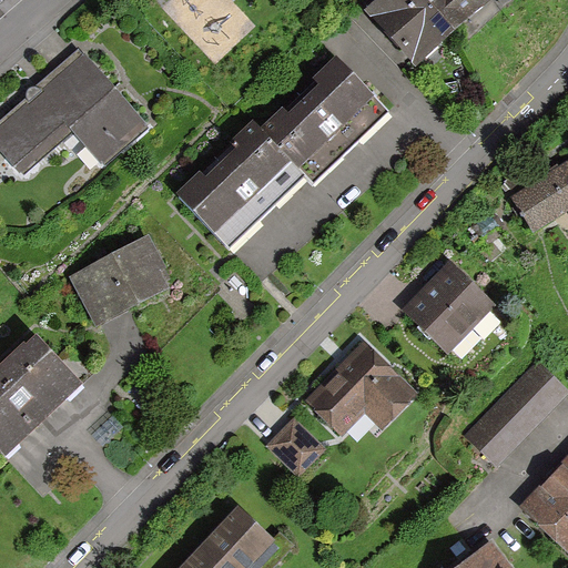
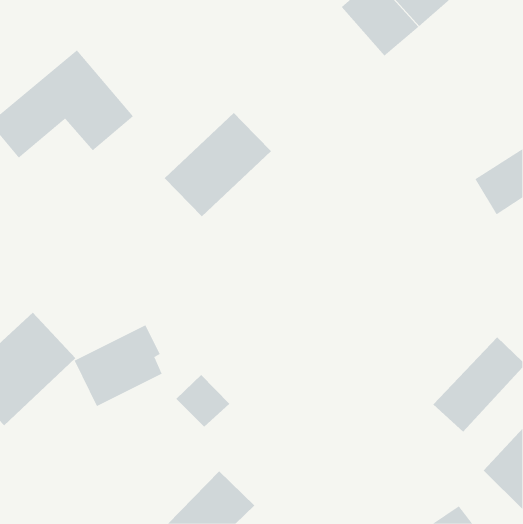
building: [262,57,377,171] -> none
building: [70,235,165,324] -> [74,324,162,407]
building: [405,263,493,351] -> none
building: [305,341,416,433] -> none
building: [265,418,324,476] -> [175,374,230,428]

